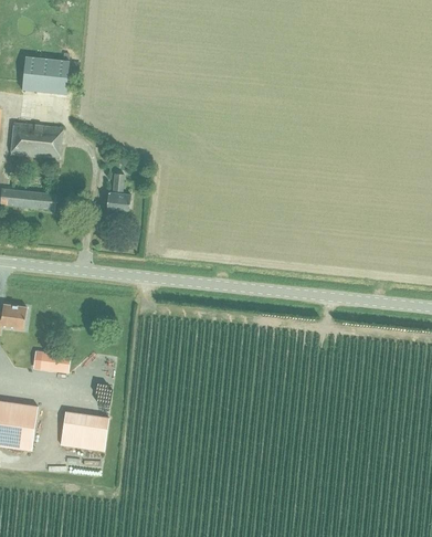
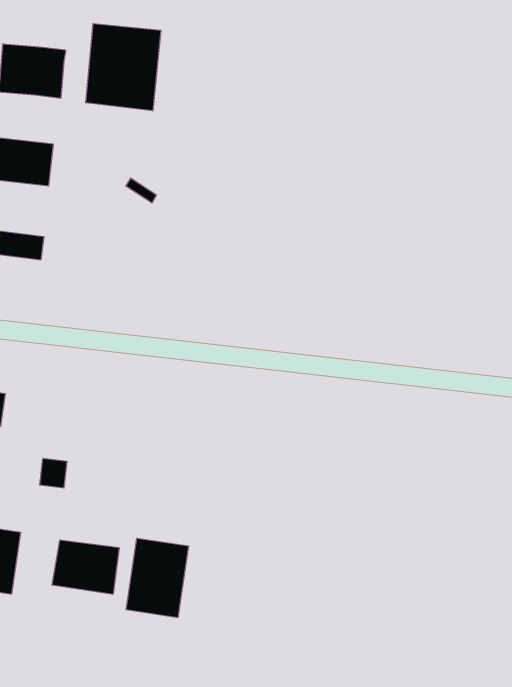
building: none -> [86,24,161,111]
building: [104,173,128,215] -> none
building: none -> [126,538,189,618]

